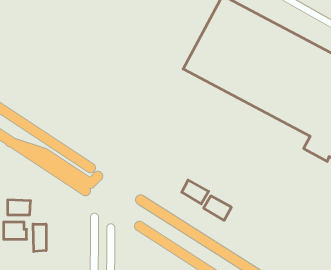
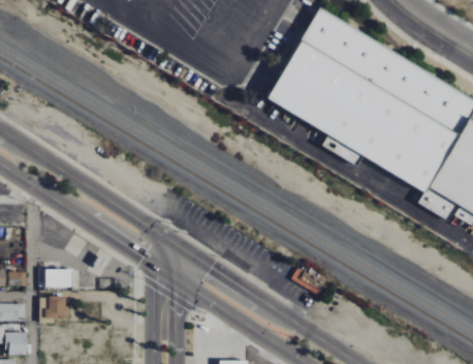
building: [182,180,209,204] -> none
building: [33,224,46,252] -> none

